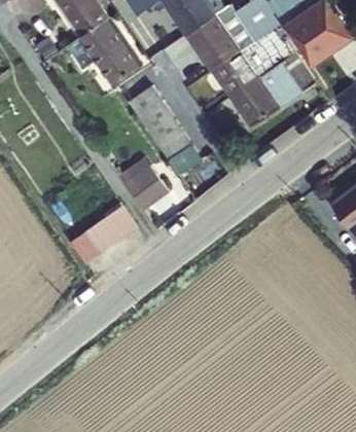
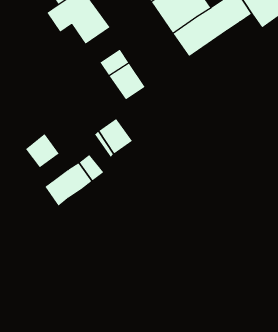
building: [229,52,315,127] -> none
building: [157,131,200,175] -> none
building: none -> [25,133,60,168]

